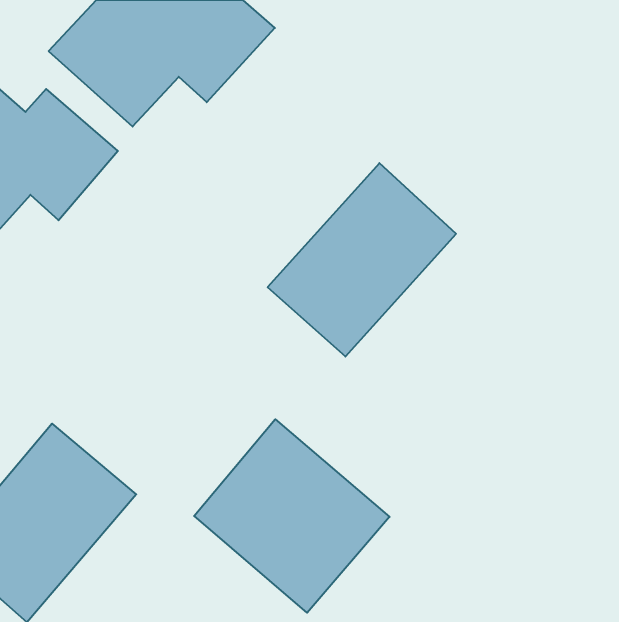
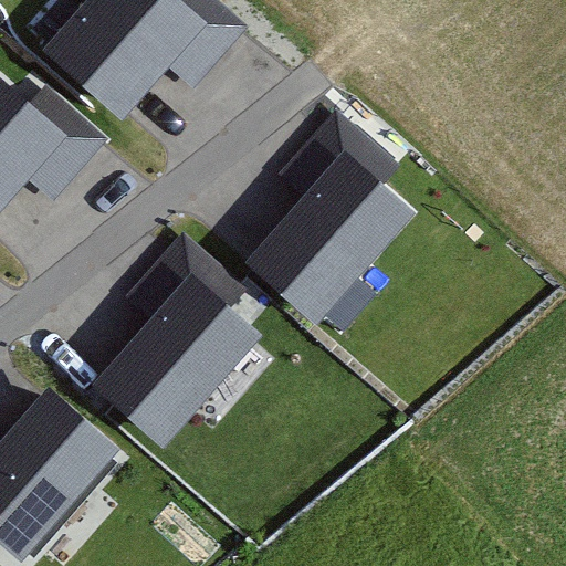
building: none -> [90,270,262,448]
building: [194,419,390,613] -> none

